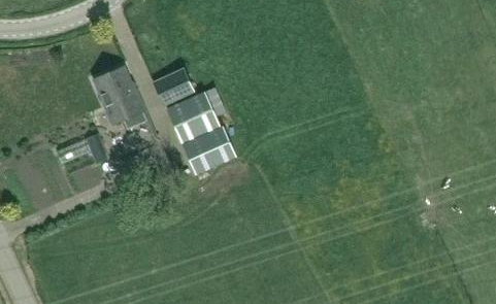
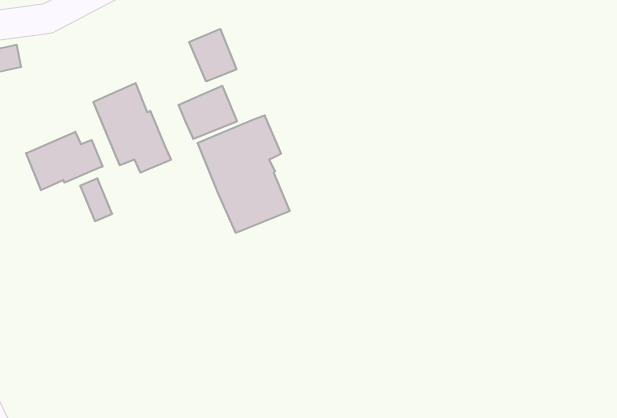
building: none -> [189,29,236,81]
building: none -> [26,132,103,190]

